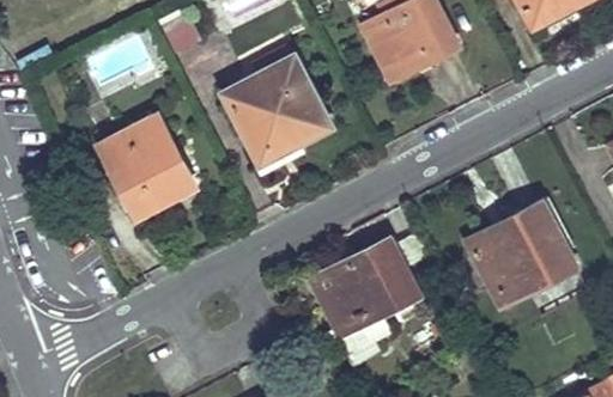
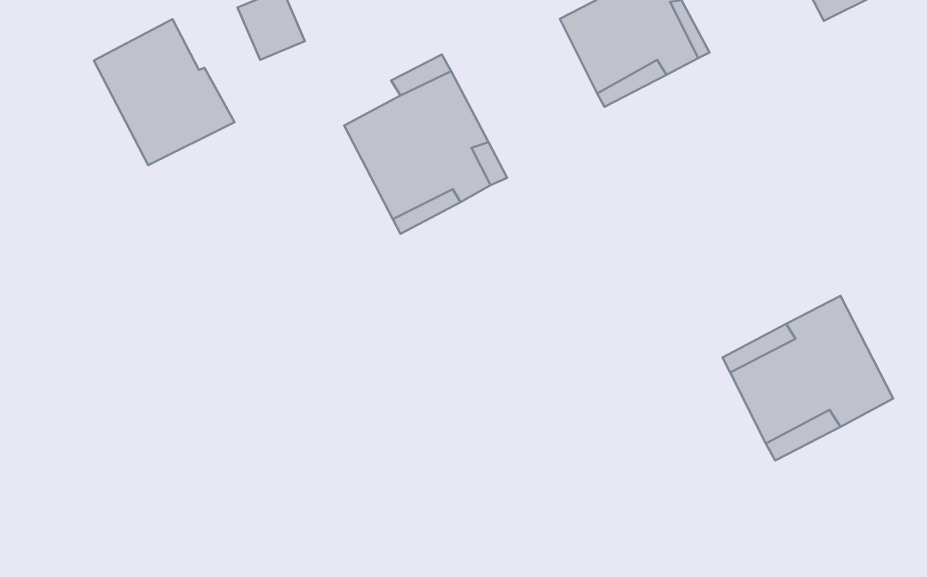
building: [102,120,192,213] -> [94,19,234,165]
building: [310,239,419,334] -> none

